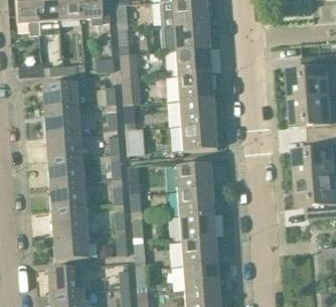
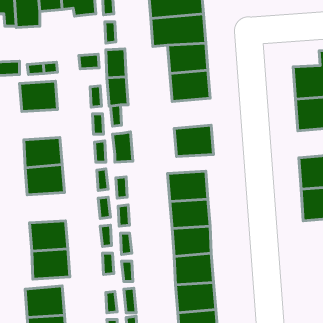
building: [179,97,214,124] -> none
building: [44,107,78,134] -> none
building: [49,181,83,208] -> none

